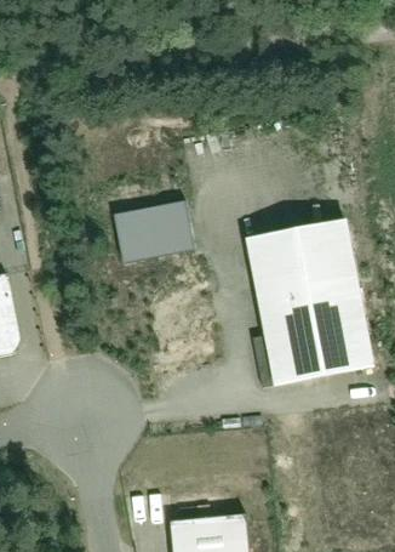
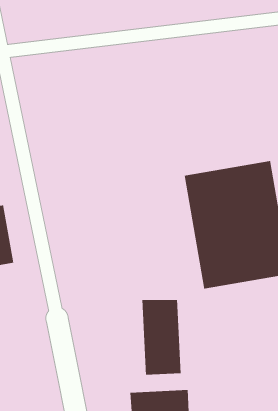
building: [111,201,196,262] -> none
building: none -> [142,299,181,375]

